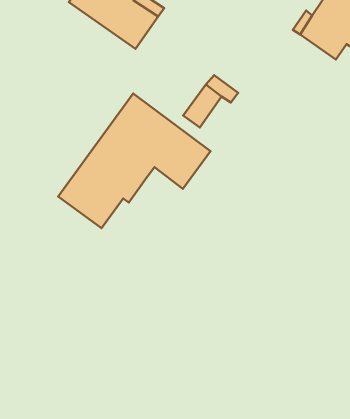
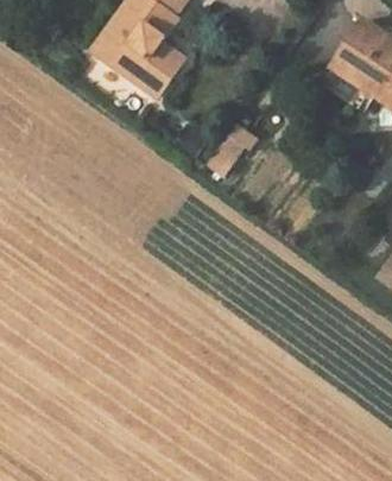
building: [58,94,210,228] -> none

